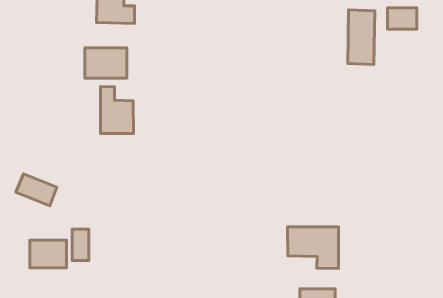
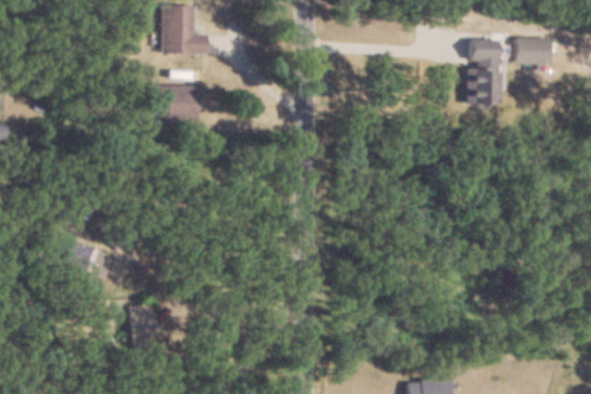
building: [100,86,133,133] -> none
building: [288,227,339,269] -> none
building: [30,240,66,268] -> none

